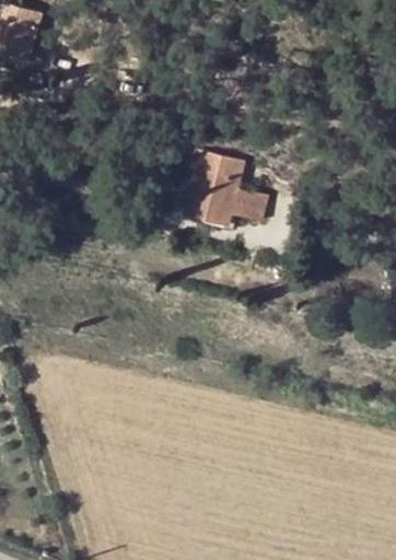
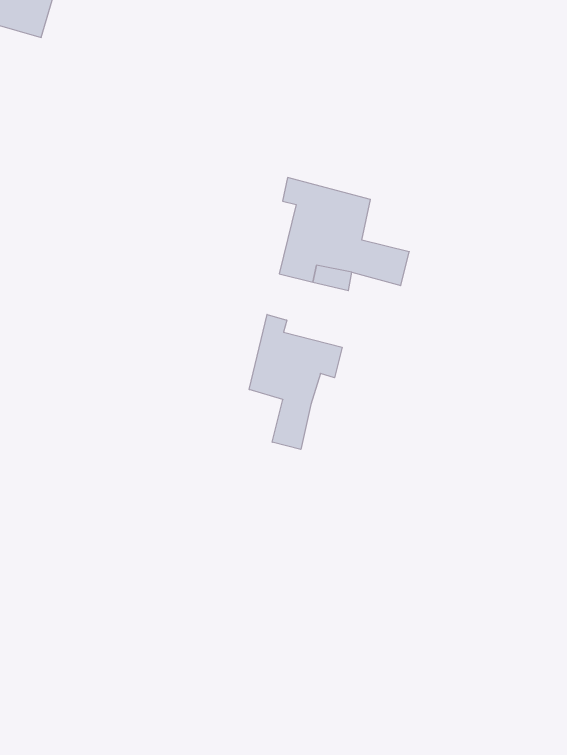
building: none -> [249,314,342,449]

